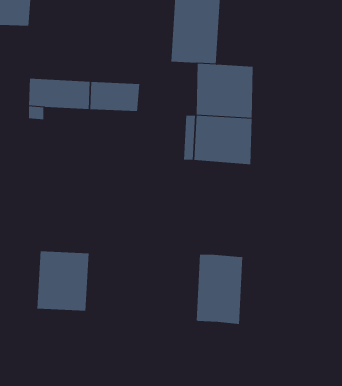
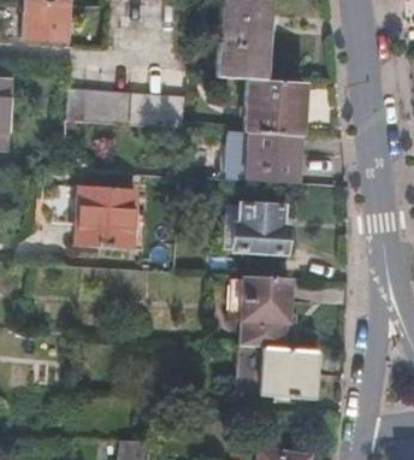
building: none -> [231,204,288,277]
building: [36,251,90,311] -> [78,185,134,248]
building: none -> [241,344,319,395]

